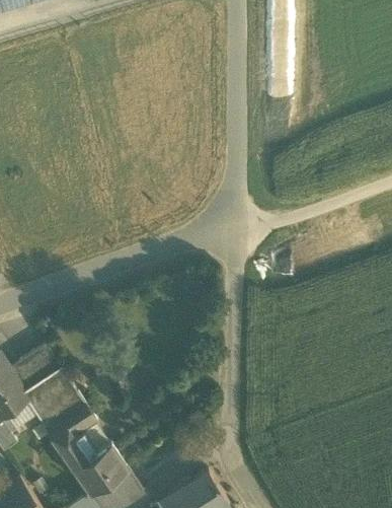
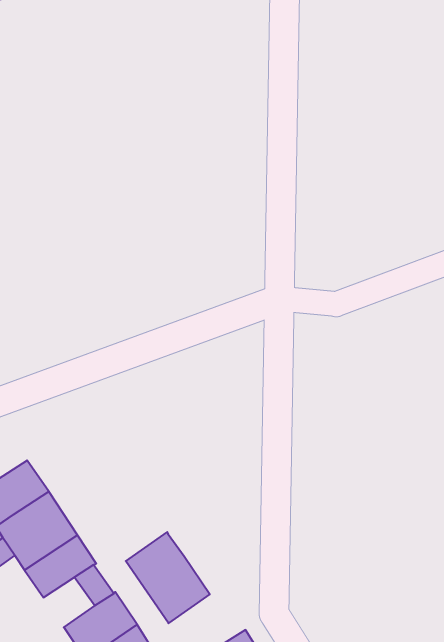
building: none -> [126,532,210,623]
building: [56,433,94,470] -> none

